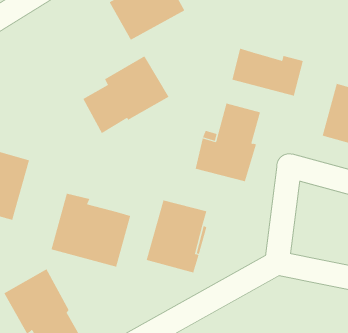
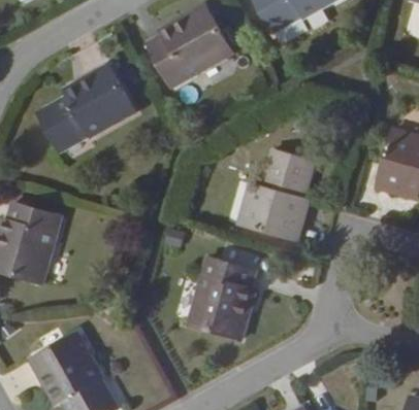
building: [232,48,304,96] -> none
building: [83,56,169,134] -> [40,64,135,149]
building: [51,193,131,268] -> none

